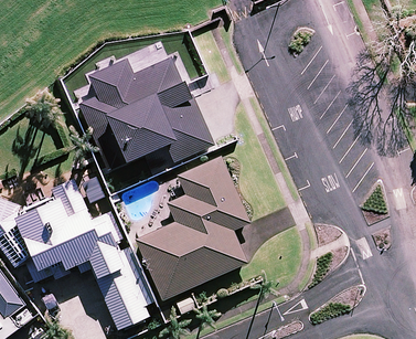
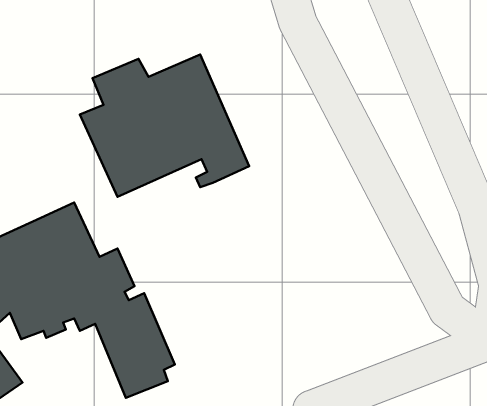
building: [134,156,250,301] -> none

